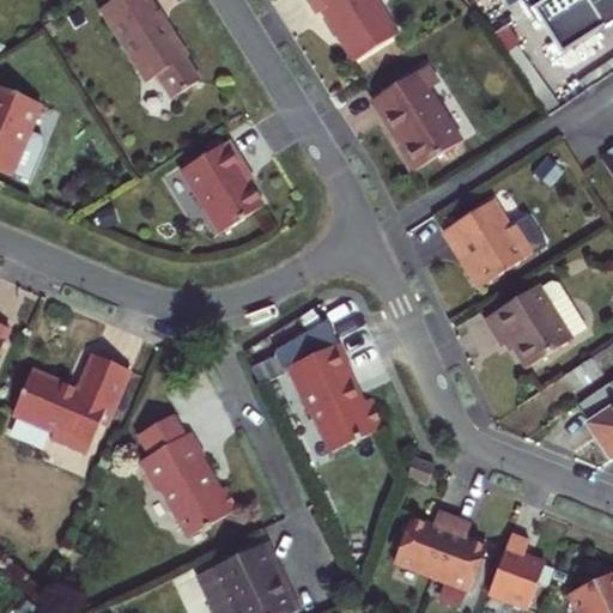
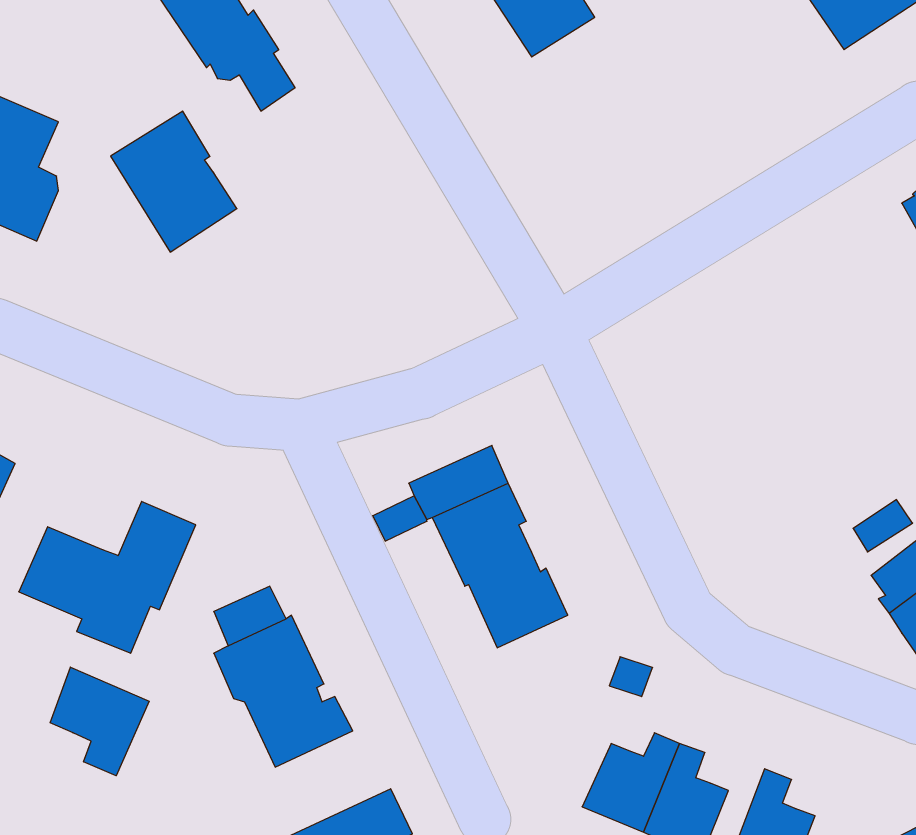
building: [372,63,461,170] -> none
building: [180,139,263,232] -> [111,111,237,252]
building: [444,198,546,287] -> none
building: [484,281,585,369] -> none
building: none -> [50,667,149,776]

